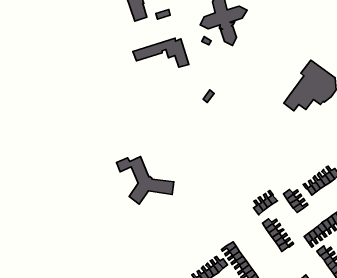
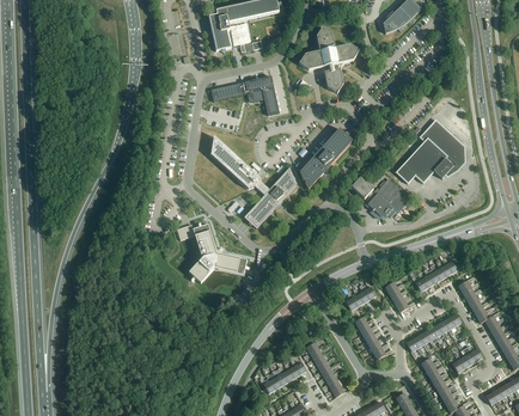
building: none -> [300,127,353,188]
building: none -> [210,137,297,227]
building: none -> [352,176,408,216]

